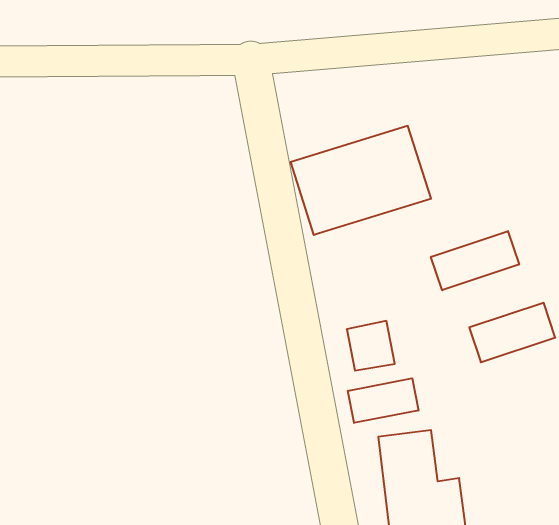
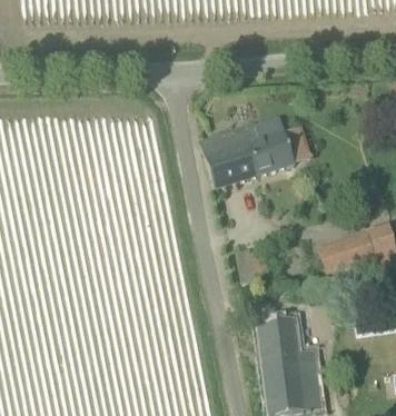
building: [431,231,519,290] -> none
building: [348,378,418,423] -> none

